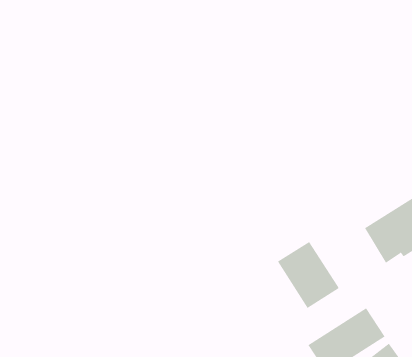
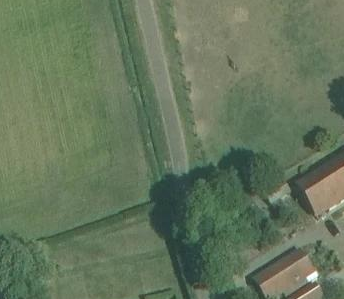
building: [277,241,340,309] -> none

